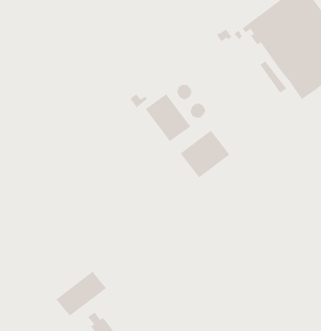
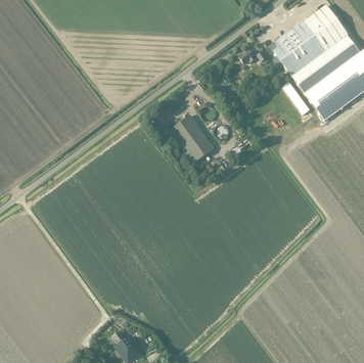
building: [180,130,230,178] -> none
building: [56,271,107,317] -> none

